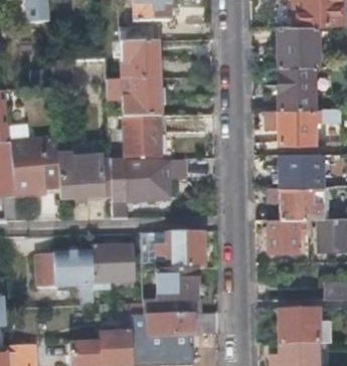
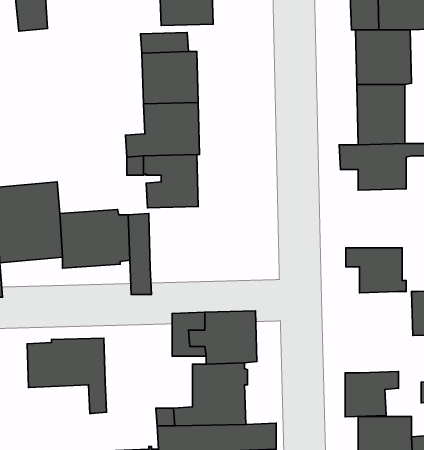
building: [280,152,321,184] -> none
building: [125,159,172,199] -> none
building: [269,216,308,249] -> [345,372,399,417]
building: [92,246,133,283] -> none

